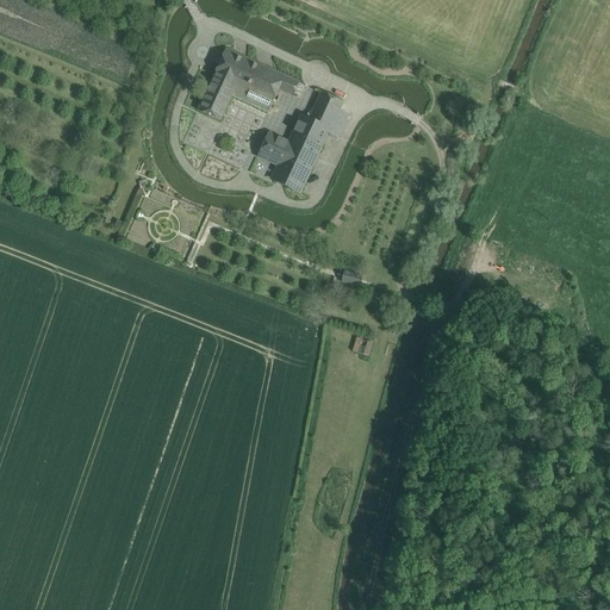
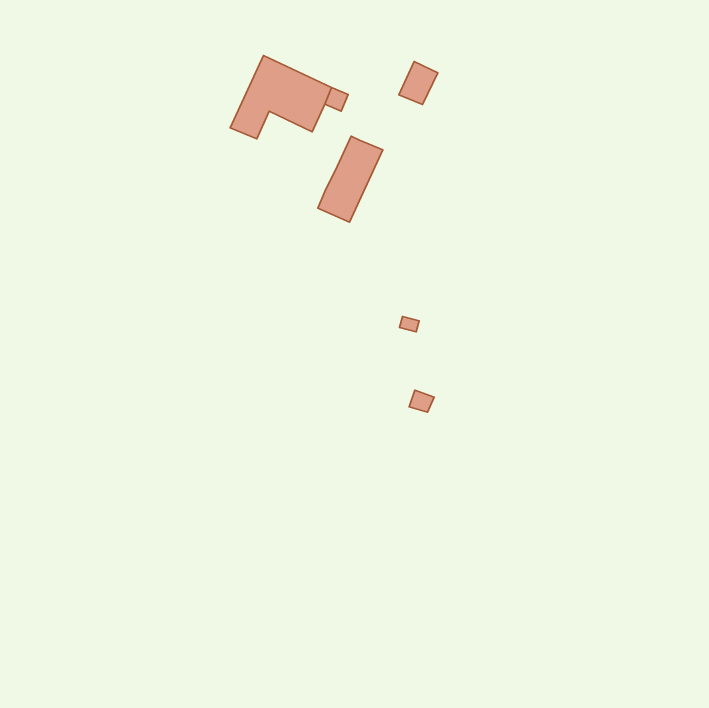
building: [309,92,342,129] -> [399,62,438,105]
building: [259,133,290,164] -> none

